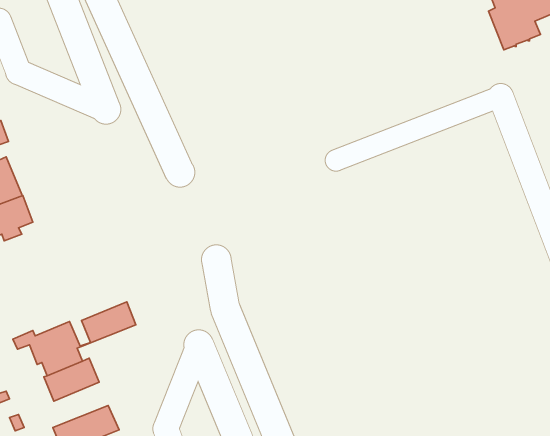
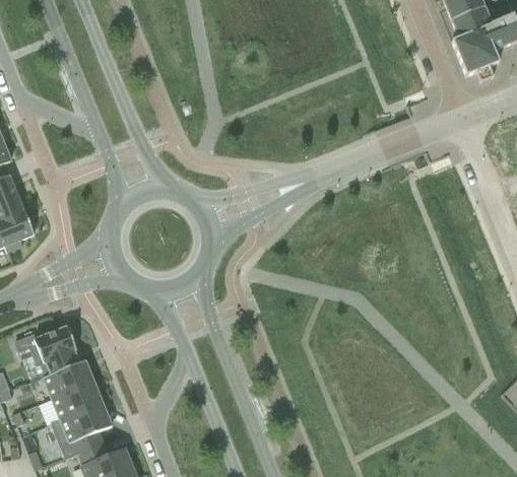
building: [80,302,136,347] -> [51,382,102,423]

